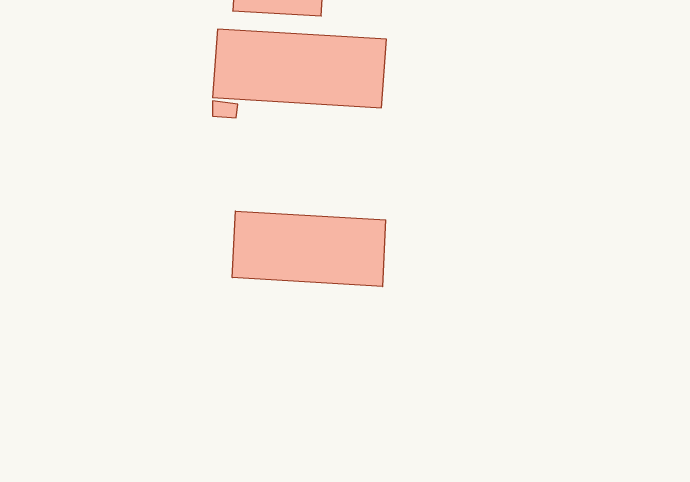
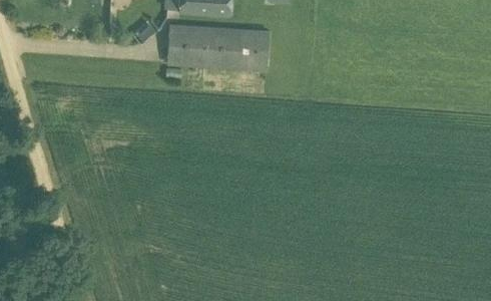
building: [232,211,386,287] -> none

